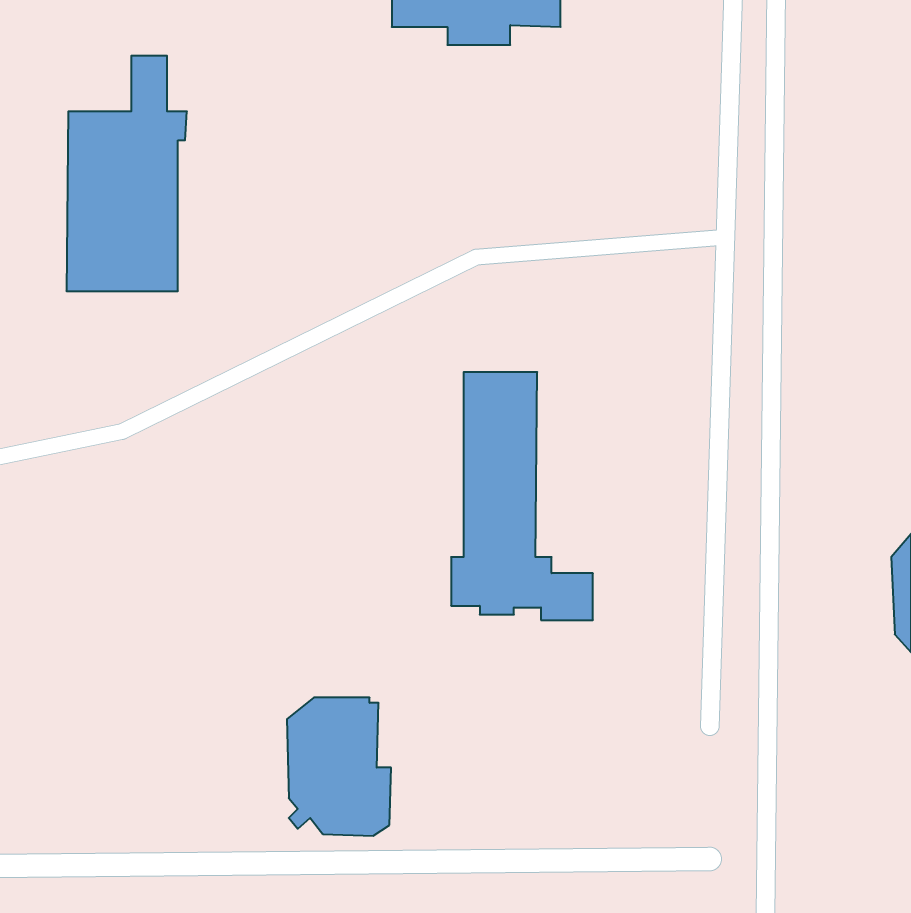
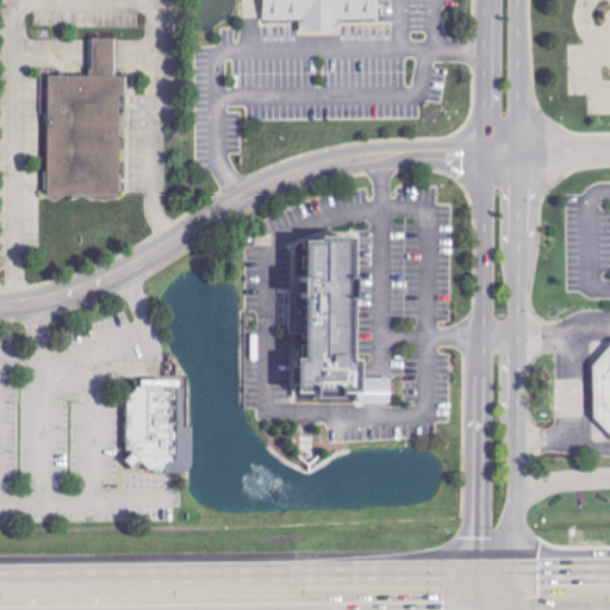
building: [287,698,391,836] -> [118,376,187,468]

